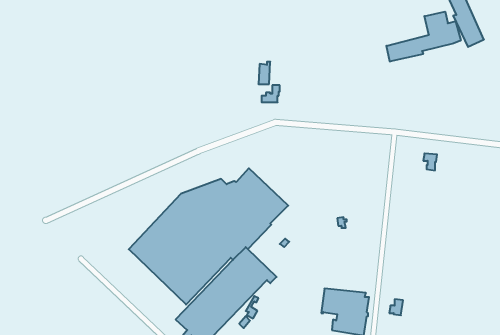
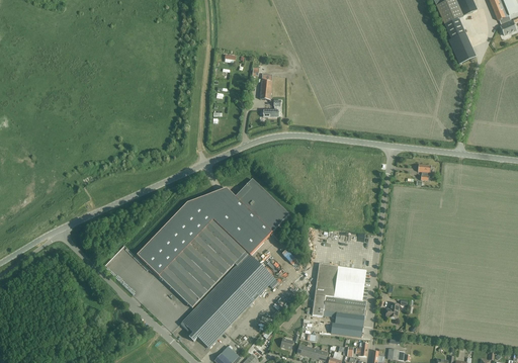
building: [386,12,461,62] -> none
building: none -> [312,263,366,315]

